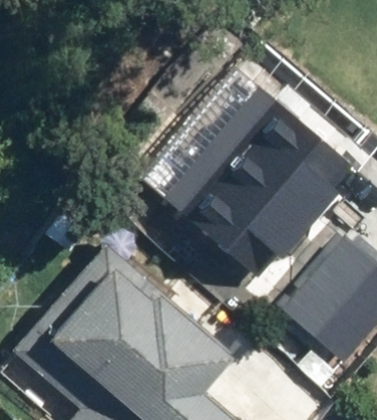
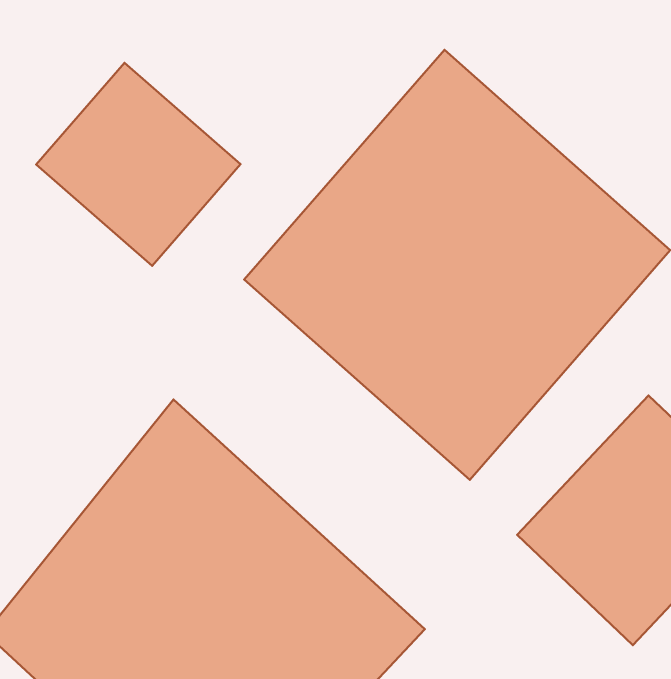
building: none -> [36,63,240,266]

